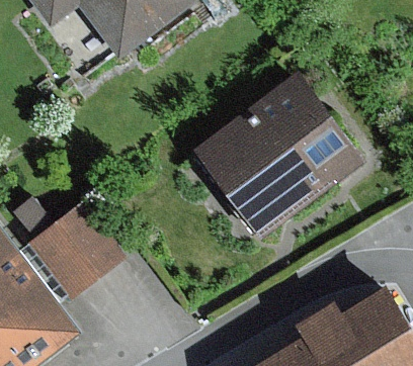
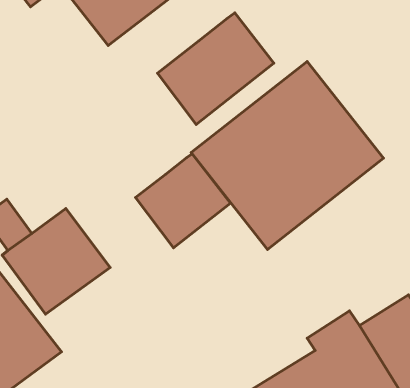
building: none -> [158,13,274,125]
building: none -> [136,154,230,248]

